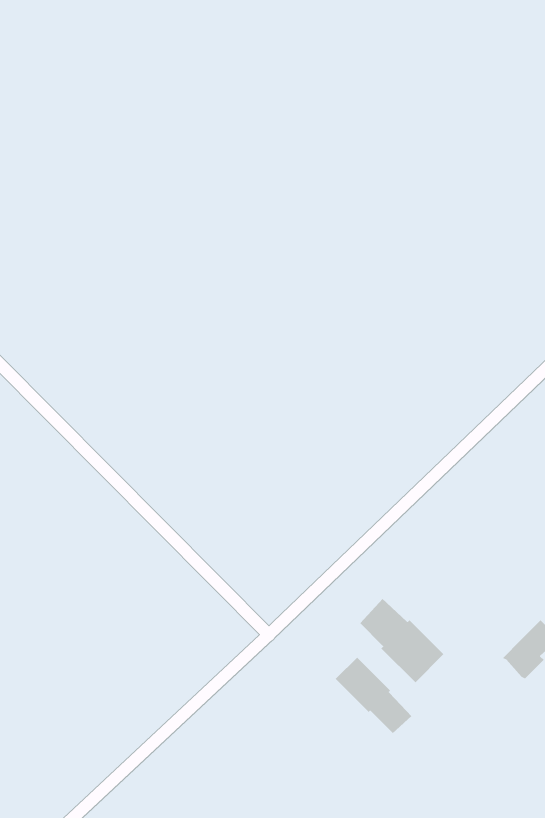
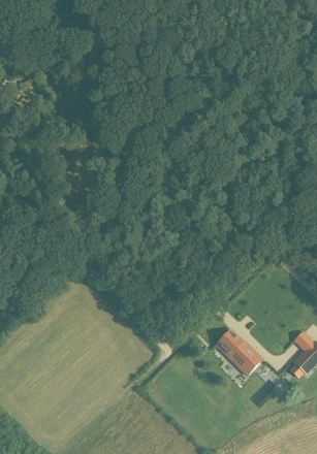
building: [335,657,412,734] -> none

